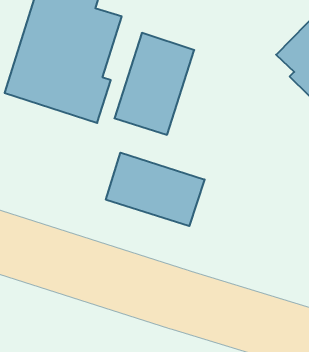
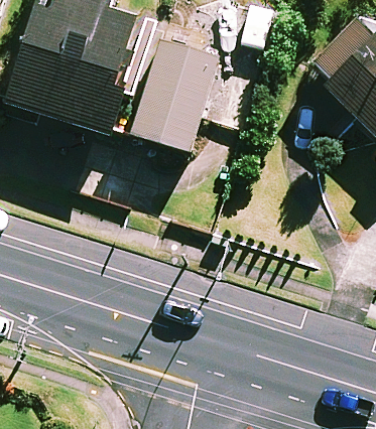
building: [106,153,205,226] -> none

